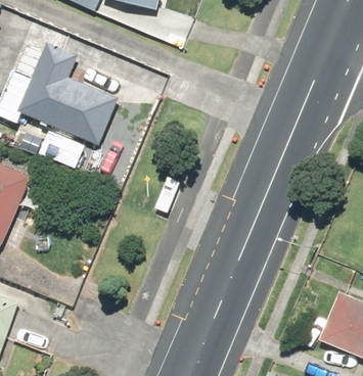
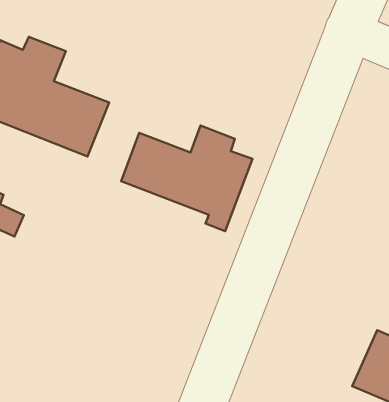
building: none -> [121,126,252,231]

